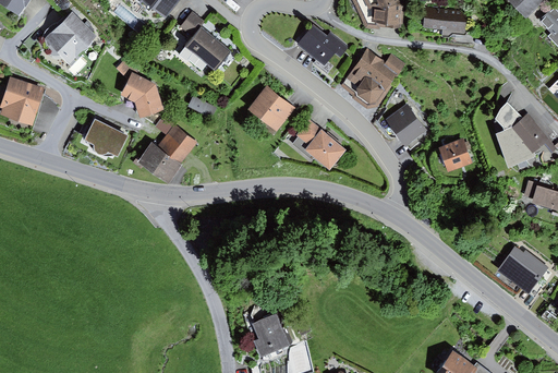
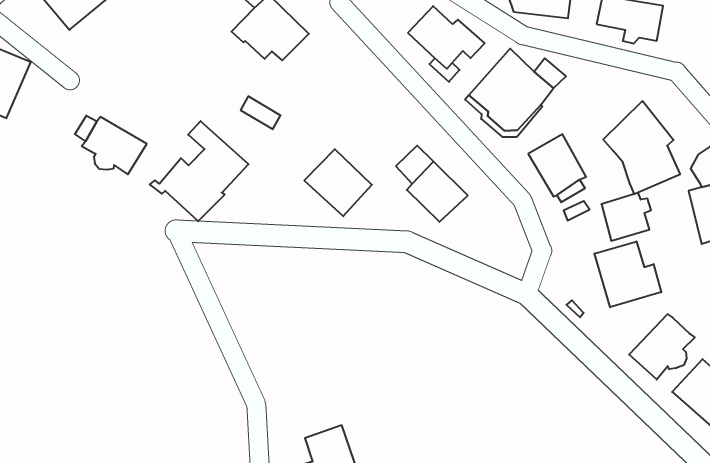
building: [116,58,163,118] -> none
building: none -> [603,101,680,194]
building: [247,85,293,130] -> [304,149,372,216]
building: none -> [594,241,661,307]
building: none -> [629,314,695,380]

